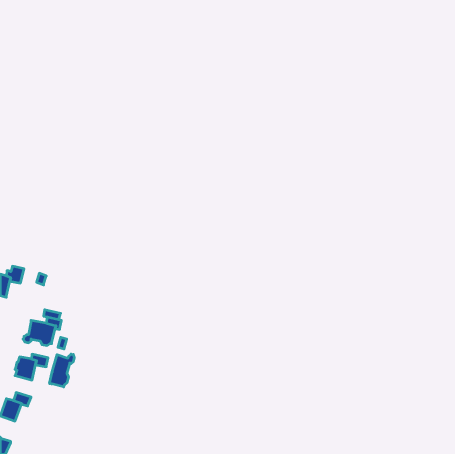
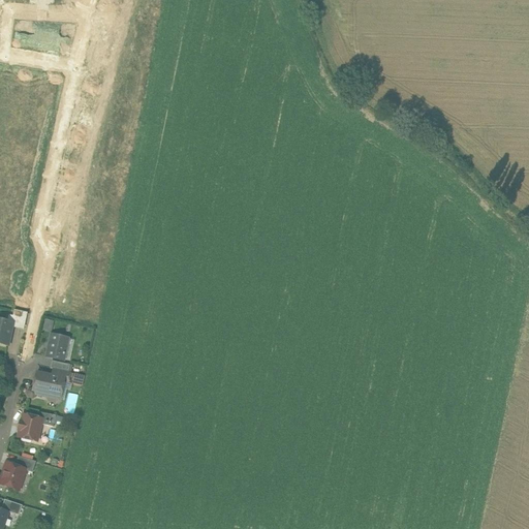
building: none -> [46,334,68,360]
building: [50,354,74,387] -> none

